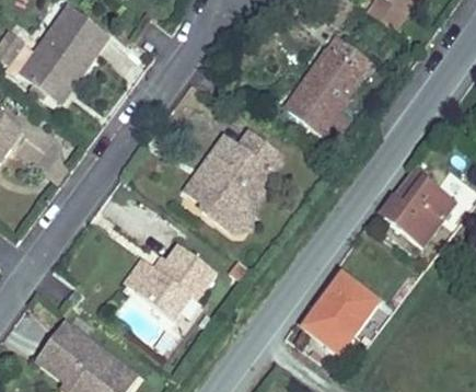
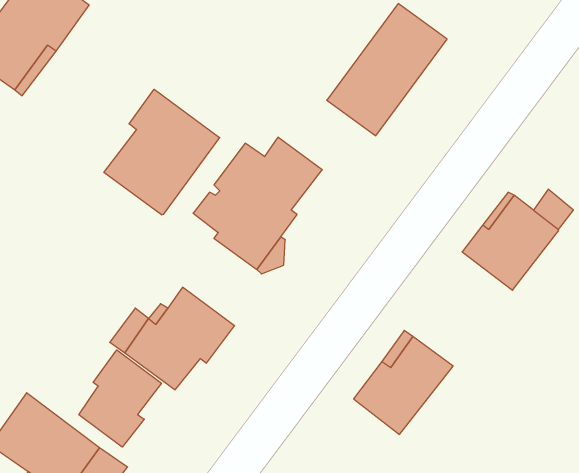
building: none -> [104,89,220,215]
building: none -> [79,350,161,447]

